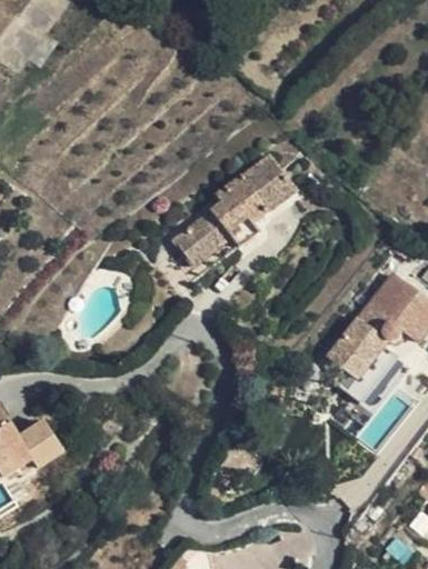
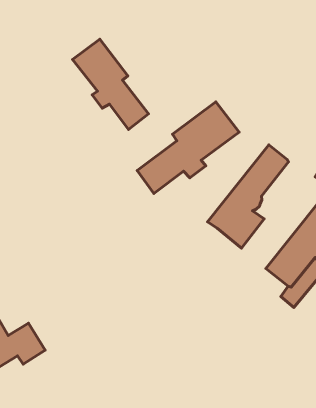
building: none -> [73,39,148,129]
building: none -> [208,145,288,248]

